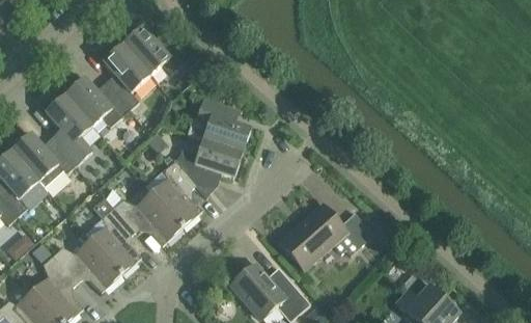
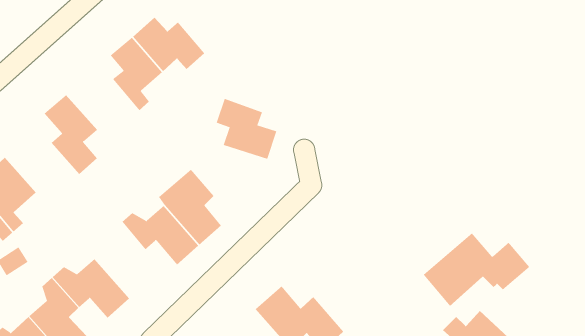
building: [64,78,129,127] -> none
building: [10,133,76,191] -> none
building: [174,140,242,189] -> none
building: [89,198,140,275] -> none
building: [279,205,373,270] -> [423,233,530,307]

